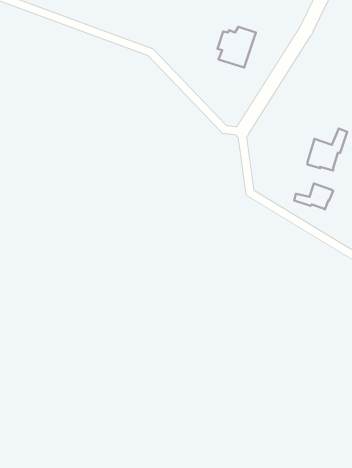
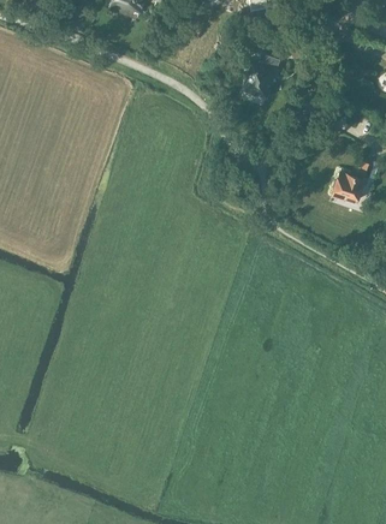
building: [294,183,333,210] -> none

